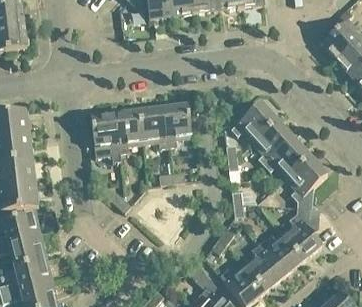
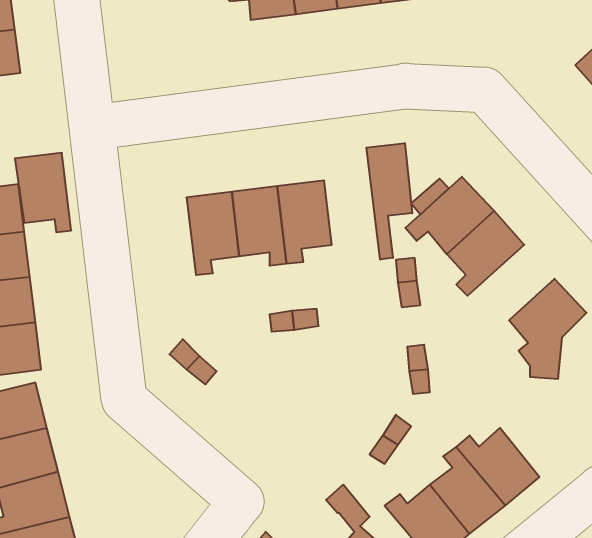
building: none -> [366,143,412,260]
building: [90,113,120,155] -> [15,153,71,232]
building: [264,138,310,178] -> none
building: [281,208,322,261] -> none

